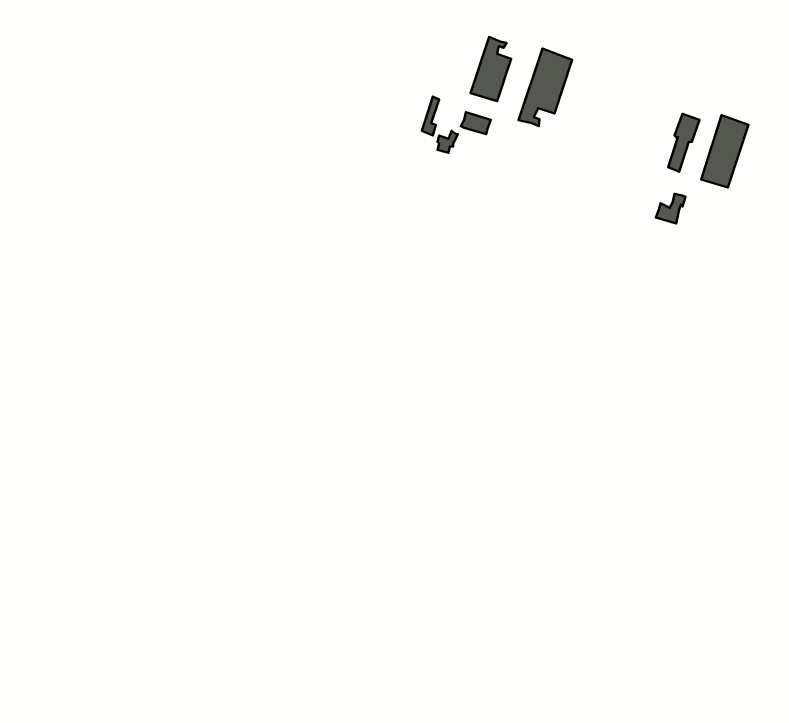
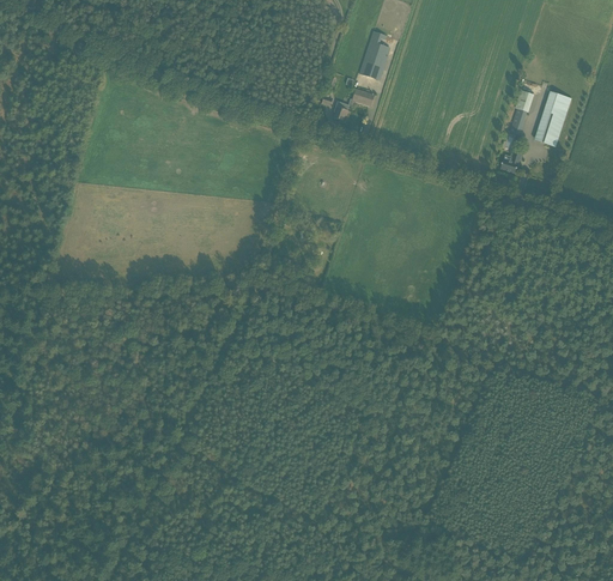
building: [519,49,572,126] -> none

